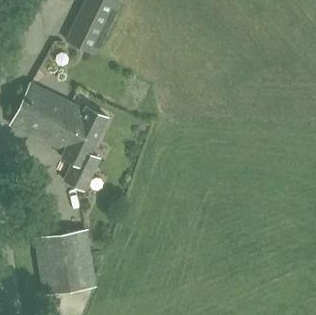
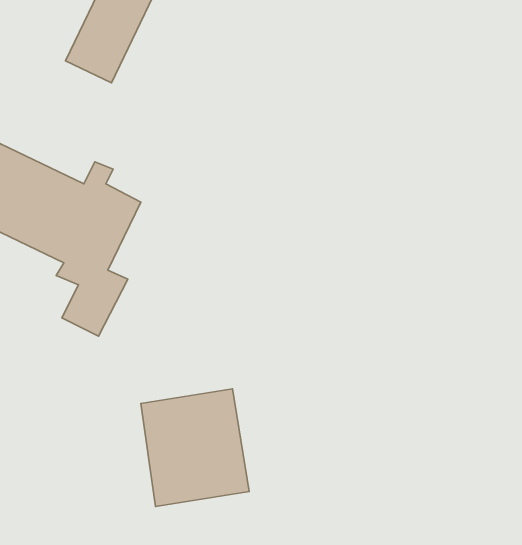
building: [36,231,95,295] -> [141,389,249,506]

